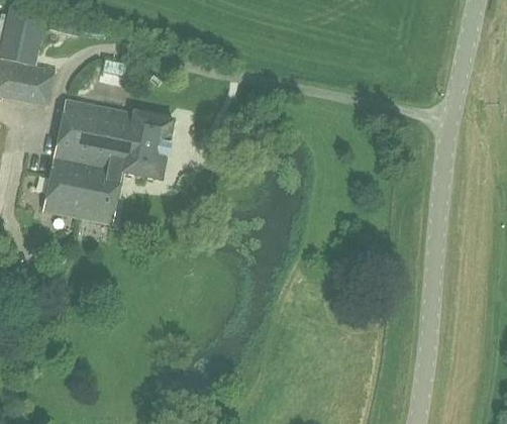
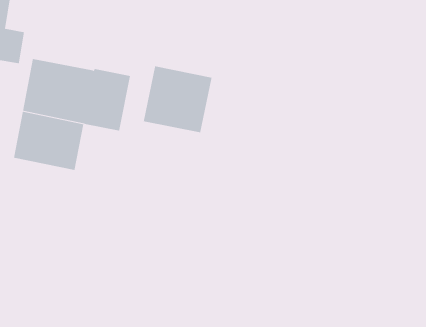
building: none -> [143,66,212,133]

